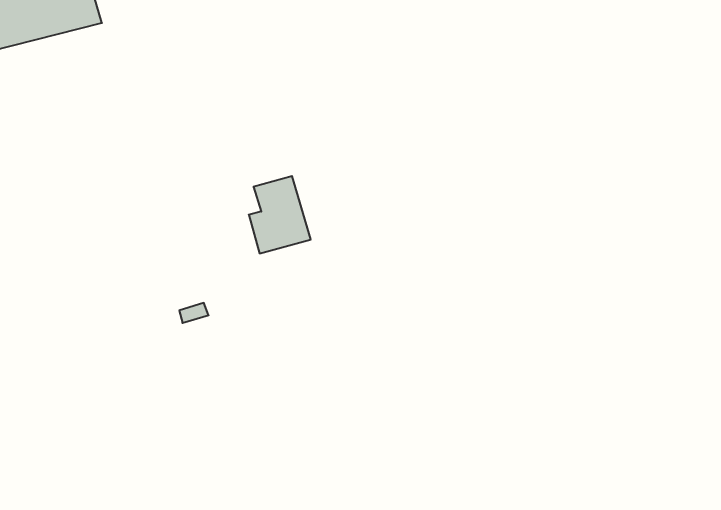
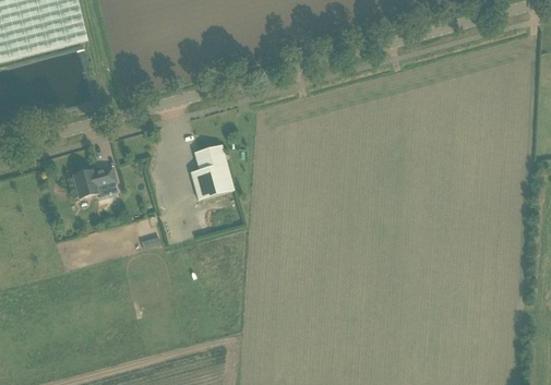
building: none -> [73,169,117,201]

